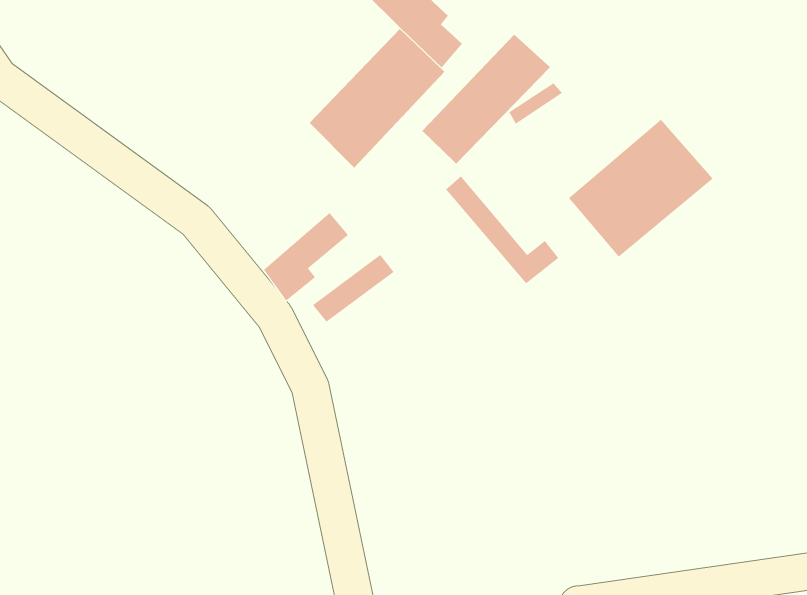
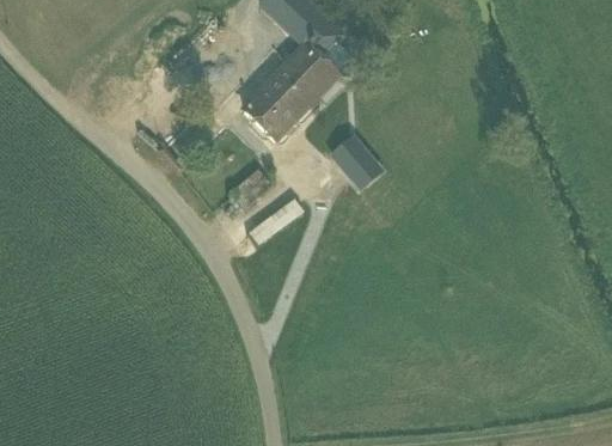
building: [421,34,551,164] -> none
building: [568,119,714,258] -> none

